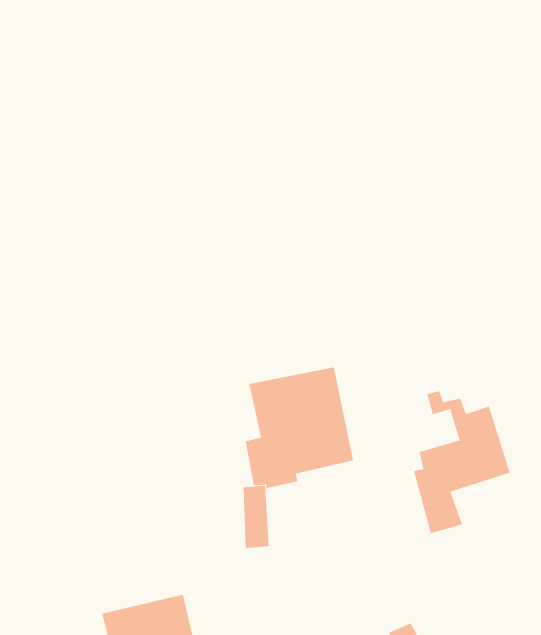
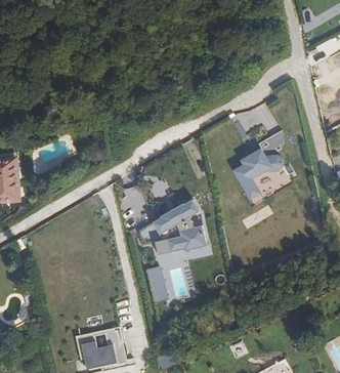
building: [413,390,511,534] -> [238,124,290,201]

